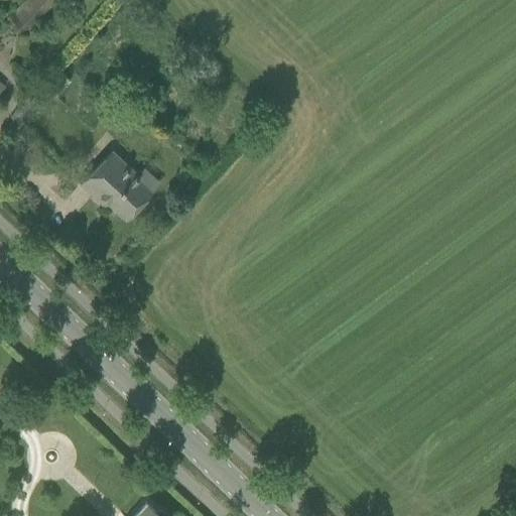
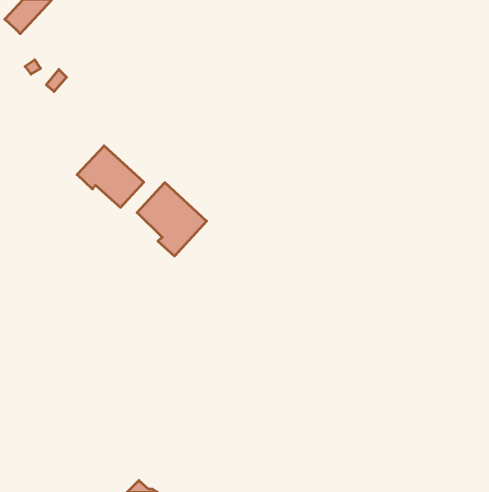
building: none -> [137,183,207,256]

